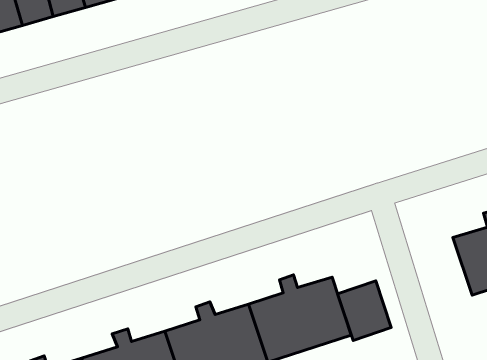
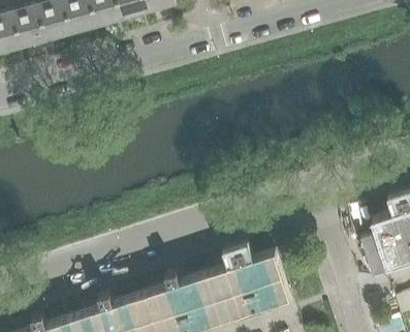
building: [337,281,391,340] -> none

